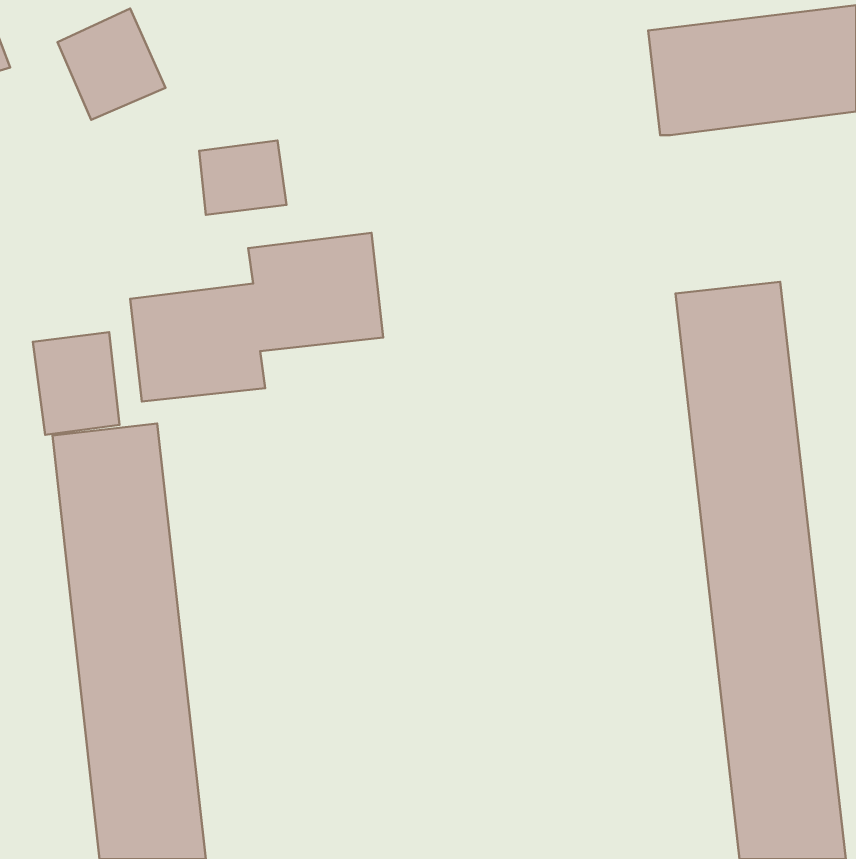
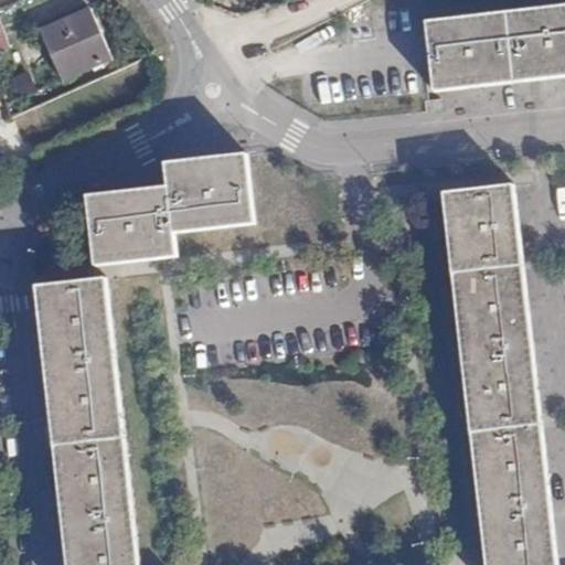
building: [199,140,287,215] -> none
building: [33,332,120,435] -> none

